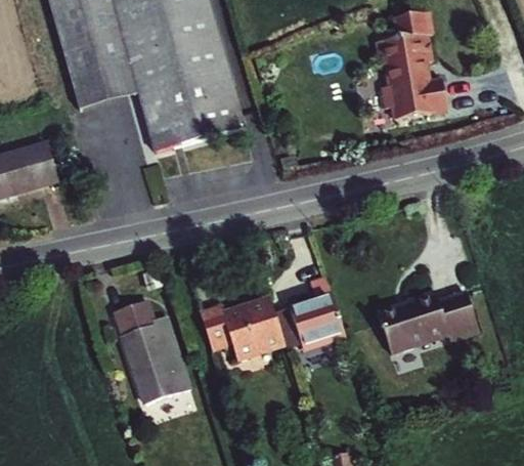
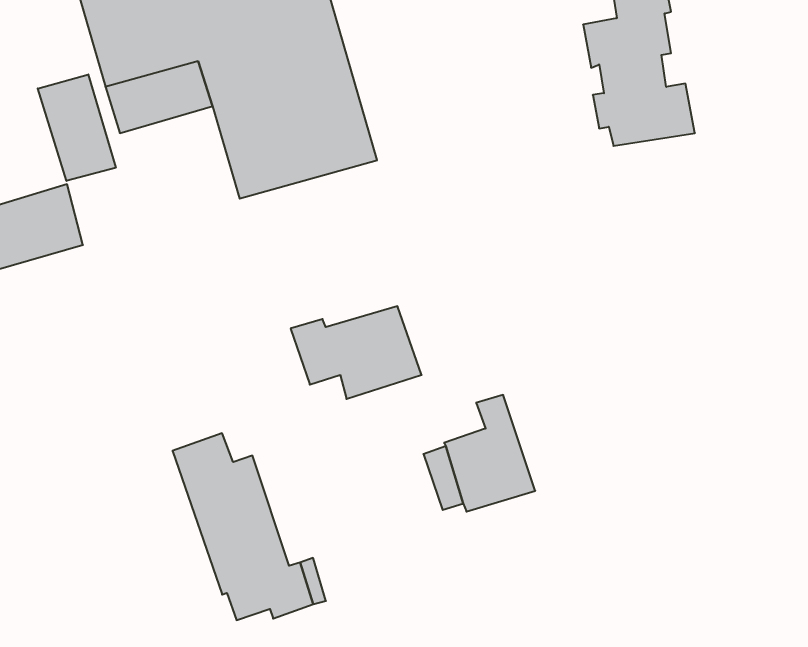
building: none -> [38,74,116,181]
building: [379,291,477,351] -> none
building: [199,299,282,358] -> [291,306,422,399]

